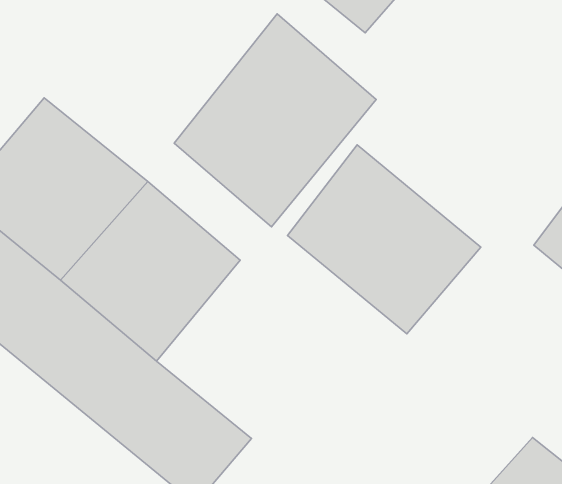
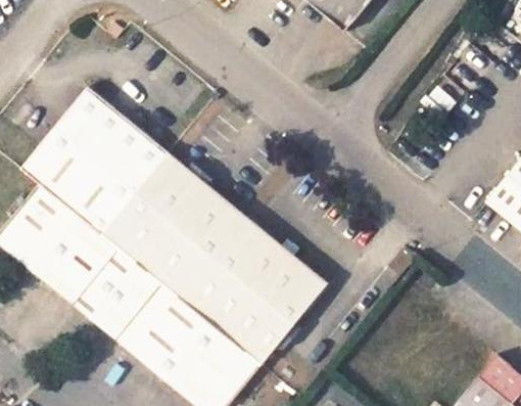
building: [174,14,376,227] -> none
building: [287,145,481,334] -> none
building: none -> [181,218,327,364]

